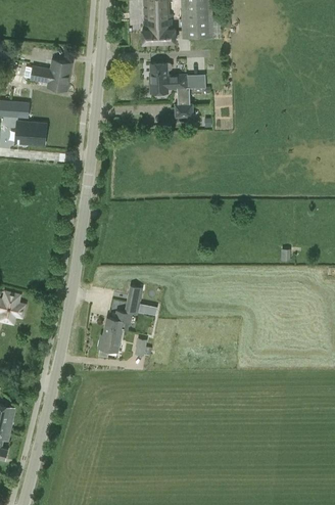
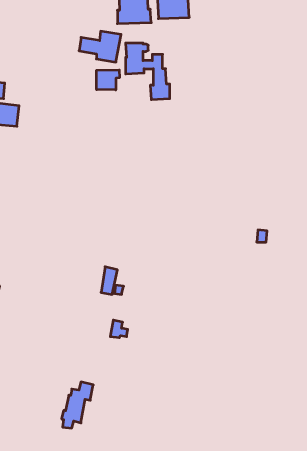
building: [31,59,73,90] -> [79,31,121,62]
building: none -> [97,70,119,90]
building: [98,311,130,357] -> [62,382,93,428]

